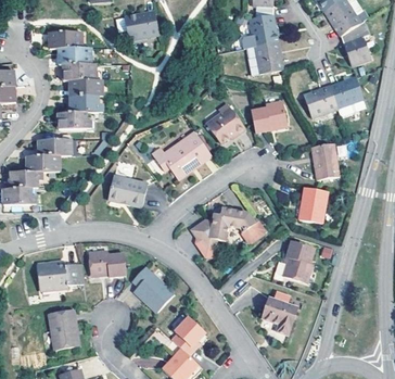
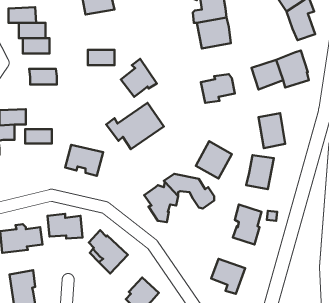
building: [69,79,98,96] -> [88,50,115,65]
building: [206,103,244,143] -> [121,59,157,97]
building: [58,112,86,127] -> [25,129,52,144]
building: none -> [196,141,232,179]

